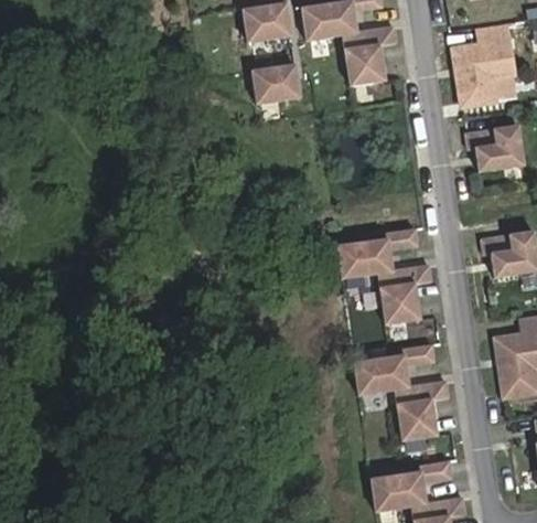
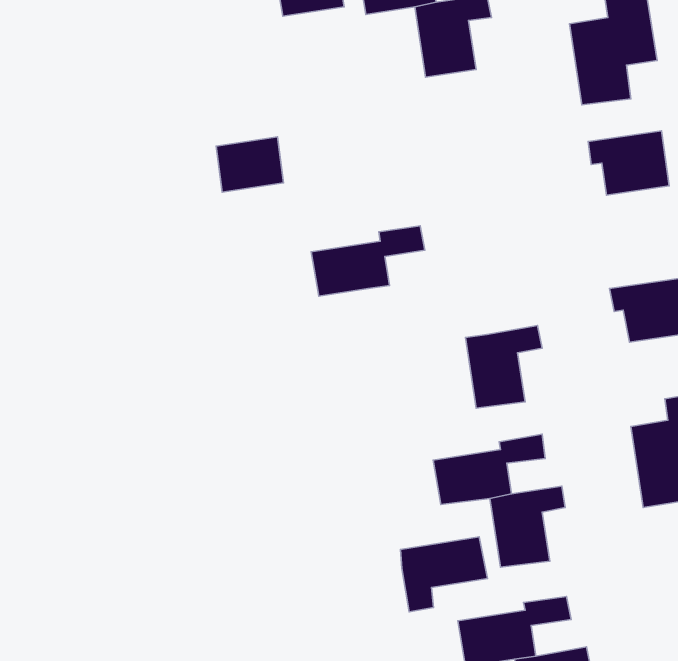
building: [250,64,299,104] -> [216,137,284,192]
building: [336,228,418,279] -> [311,226,425,296]
building: none -> [400,537,488,612]

